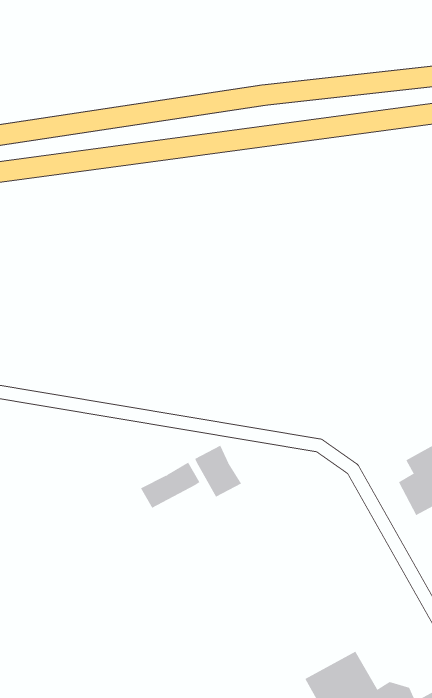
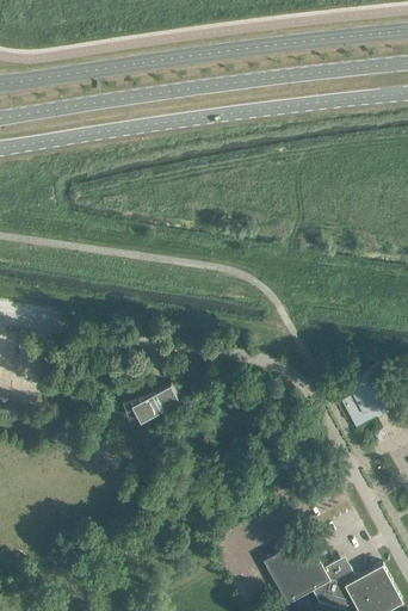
building: [194,445,242,497] -> none

